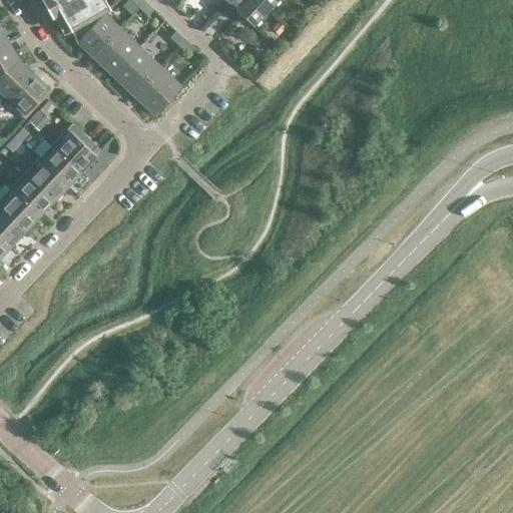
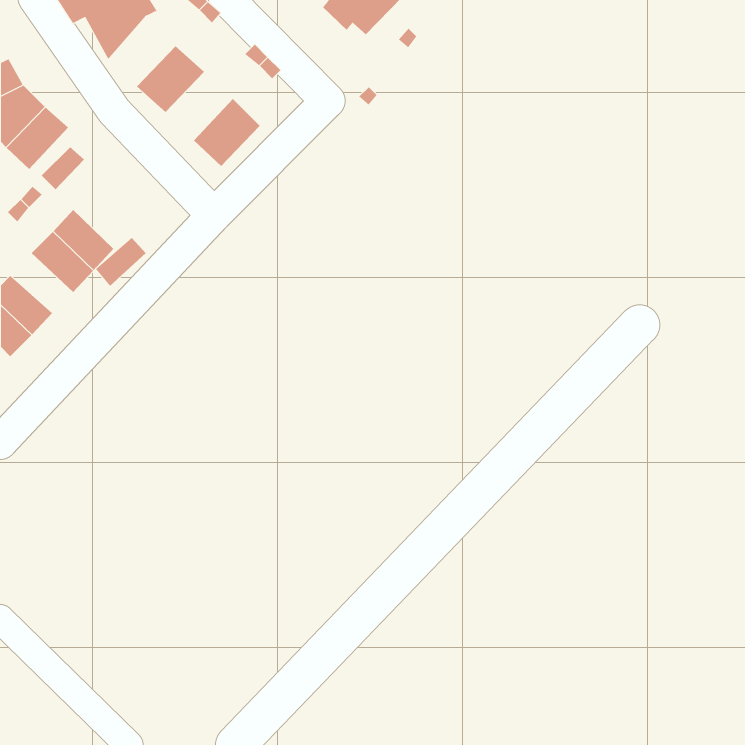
building: [76,11,122,59] -> none
building: [115,49,161,96] -> none
building: [52,128,95,170] -> none
building: [9,173,52,214] -> none

